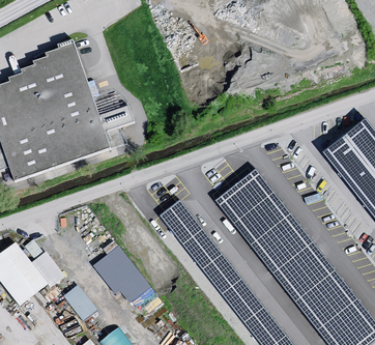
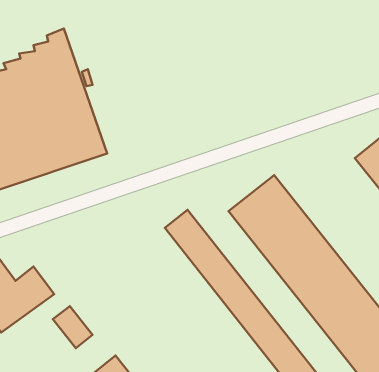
building: [91,242,152,305] -> none

